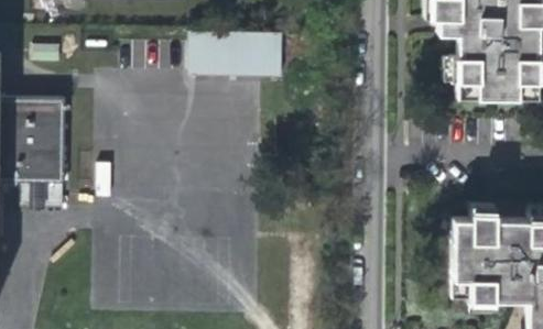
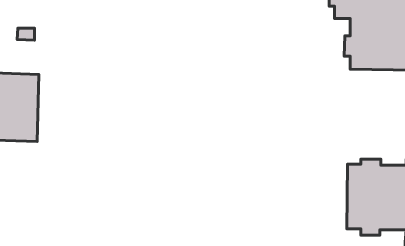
building: [187,31,281,78] -> none

